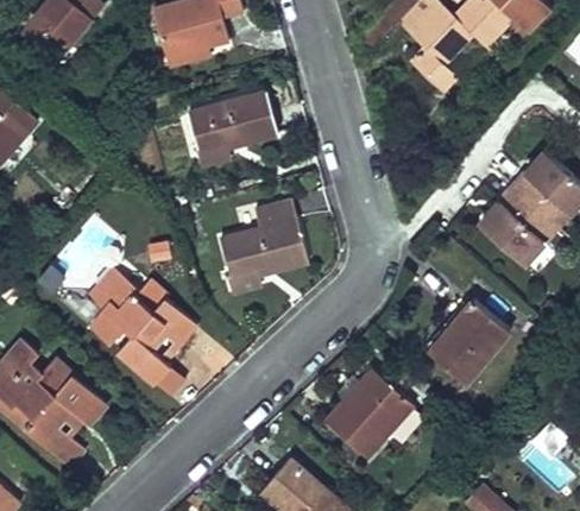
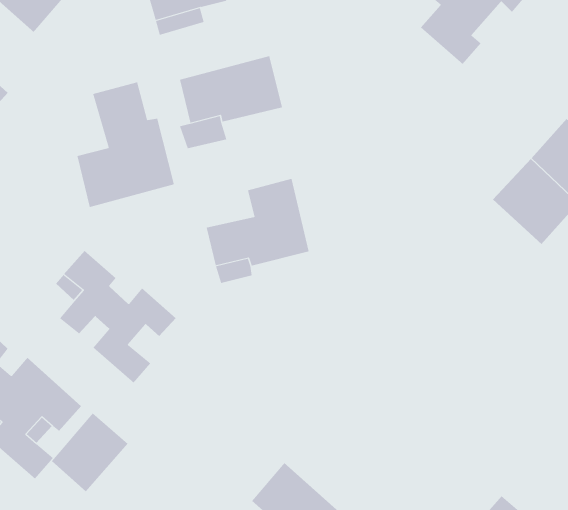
building: none -> [77,81,175,208]
building: [422,297,504,380] -> none
building: [323,366,410,456] -> none
building: none -> [51,412,129,492]

